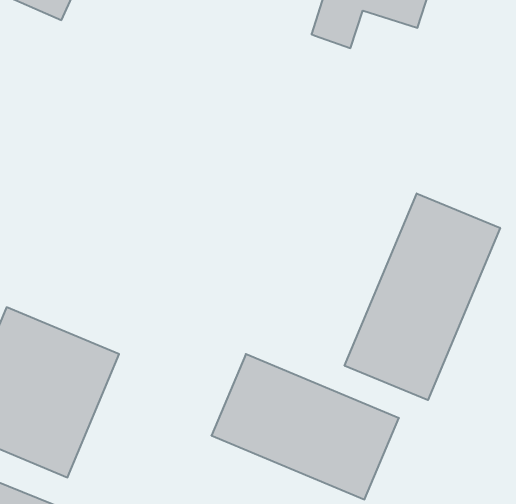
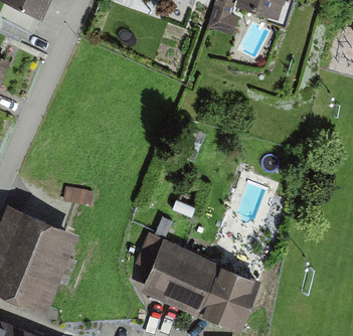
building: [345,193,500,400] -> none

